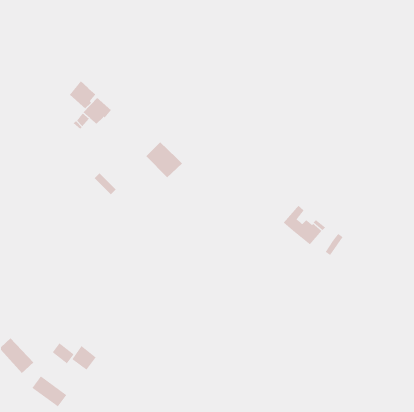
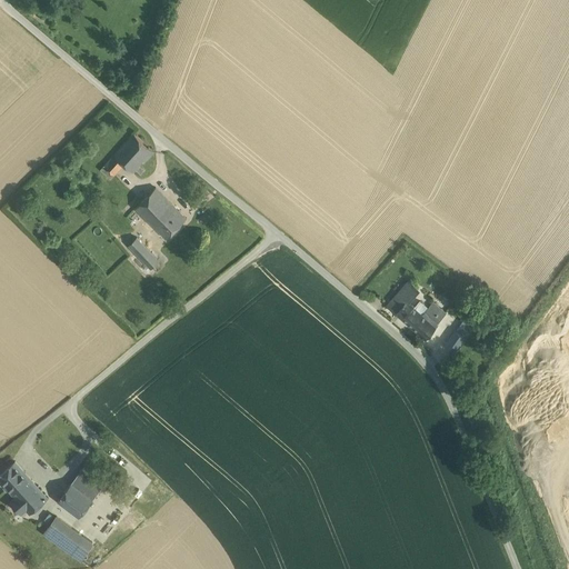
building: [69,81,96,109] -> none
building: [145,142,183,178] -> [136,190,187,240]
building: [71,345,96,370] -> [58,486,92,520]

